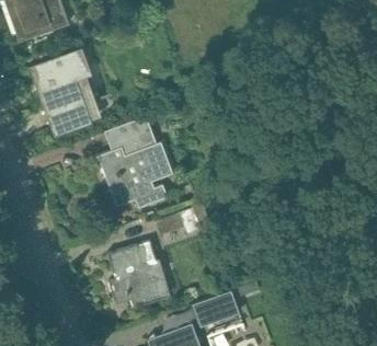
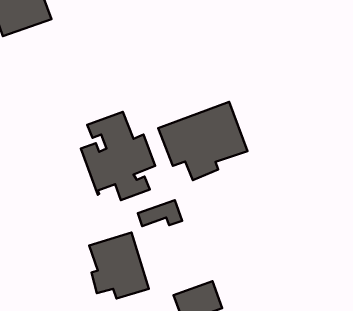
building: [32,44,111,136] -> none
building: none -> [158,102,248,180]

